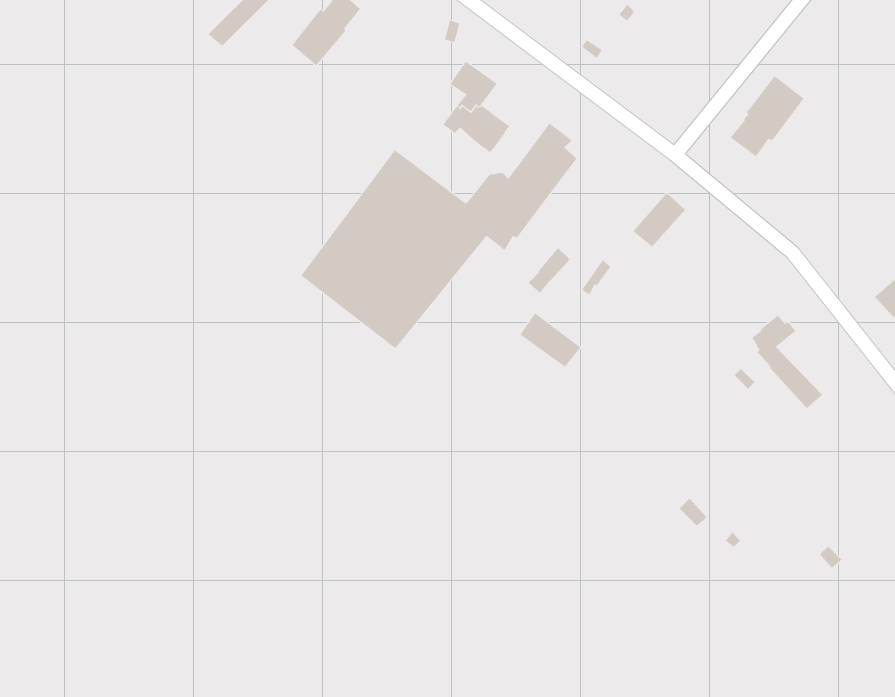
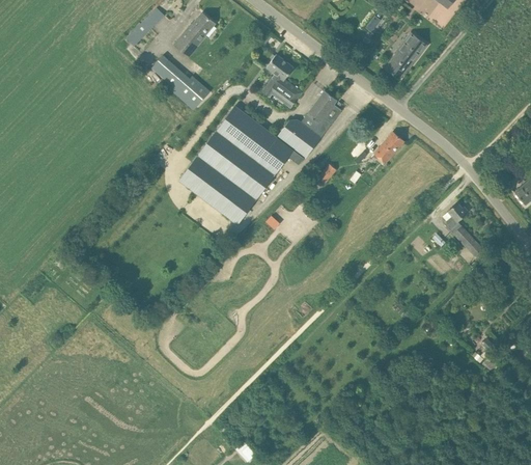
building: none -> [151,55,211,110]
building: [730,75,805,157] -> [385,31,428,79]
building: [519,313,581,368] -> none

